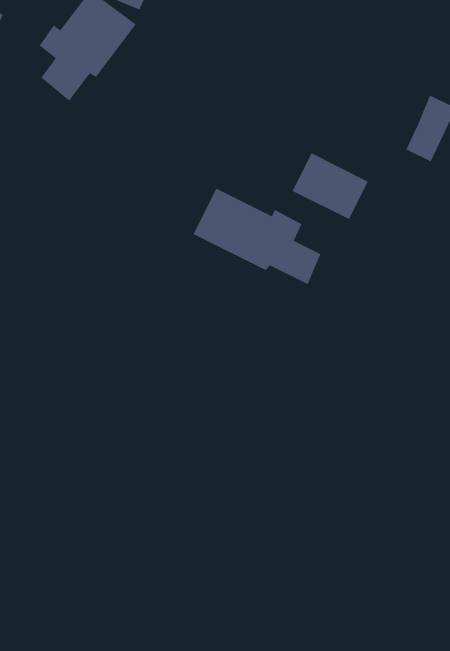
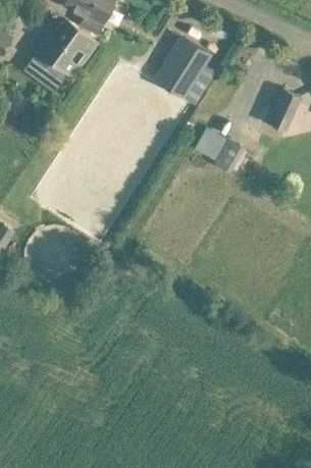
building: none -> [159,40,211,98]
building: [193,188,321,285] -> none

